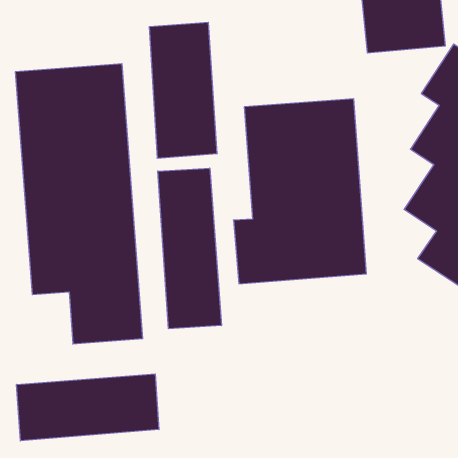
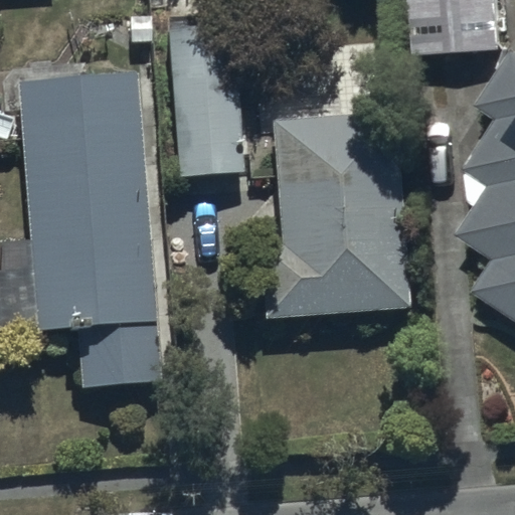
building: [158,168,221,329] -> none
building: [17,374,159,441] -> none

